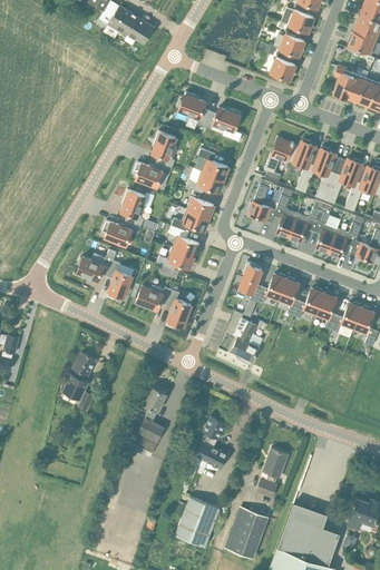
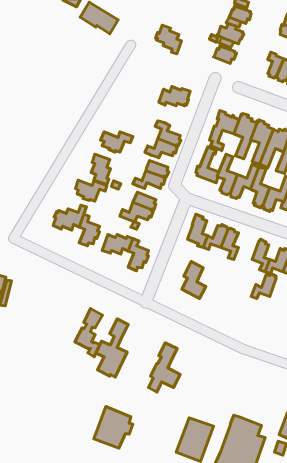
building: [177,92,208,127] -> [156,25,182,54]
building: [153,130,176,168] -> none
building: [293,288,323,318] -> [251,274,276,299]
building: [62,352,96,410] -> [75,309,102,357]
building: [255,448,289,499] -> none
building: [175,497,222,547] -> [94,407,133,448]

